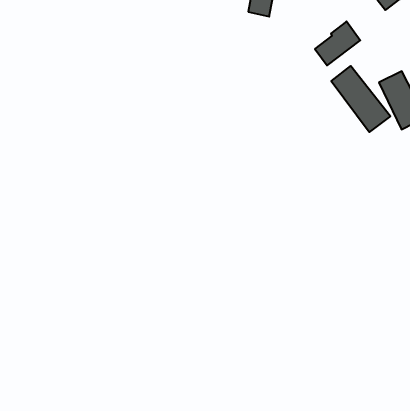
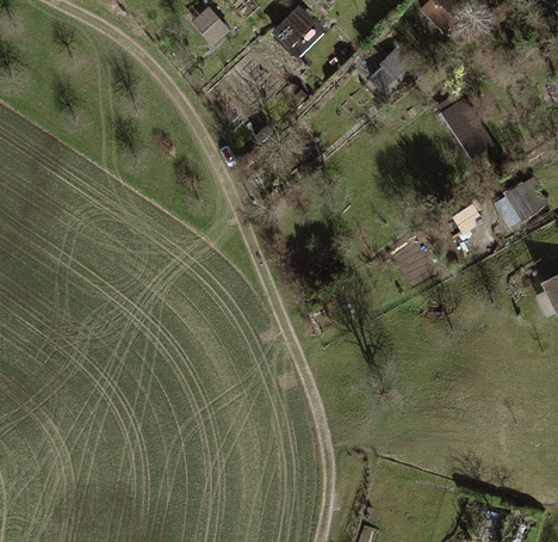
building: [331,66,390,132] -> none

